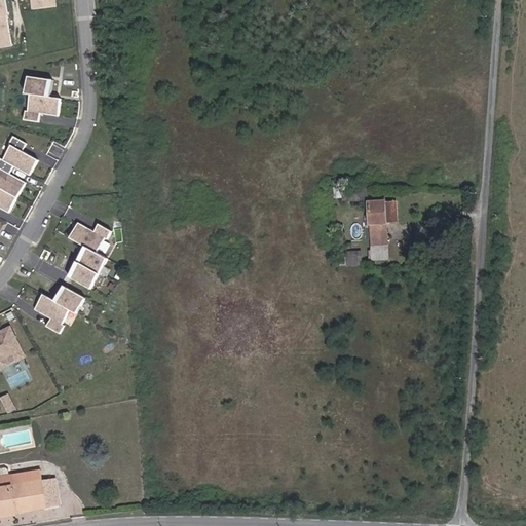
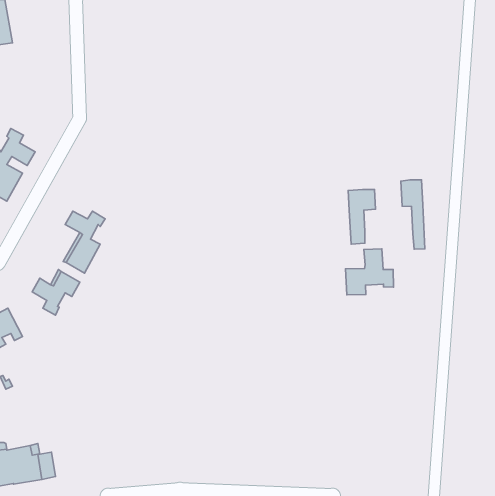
building: [23,77,60,122] -> none
building: none -> [401,180,425,249]
building: none -> [346,249,394,295]

